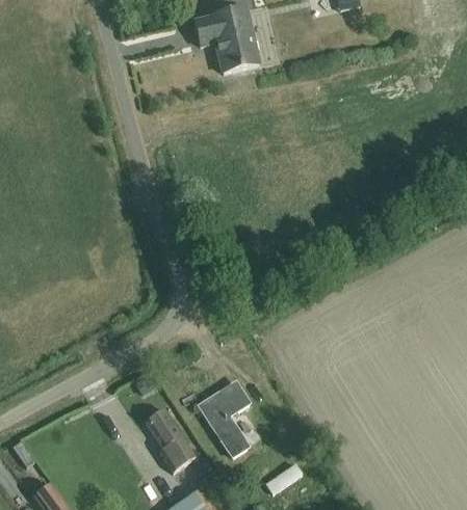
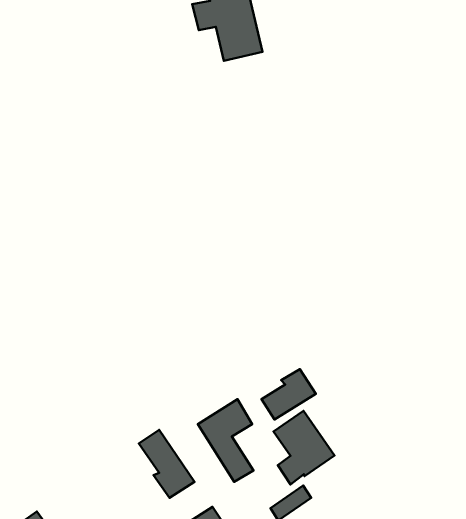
building: none -> [262,369,316,420]
building: none -> [274,411,334,484]

